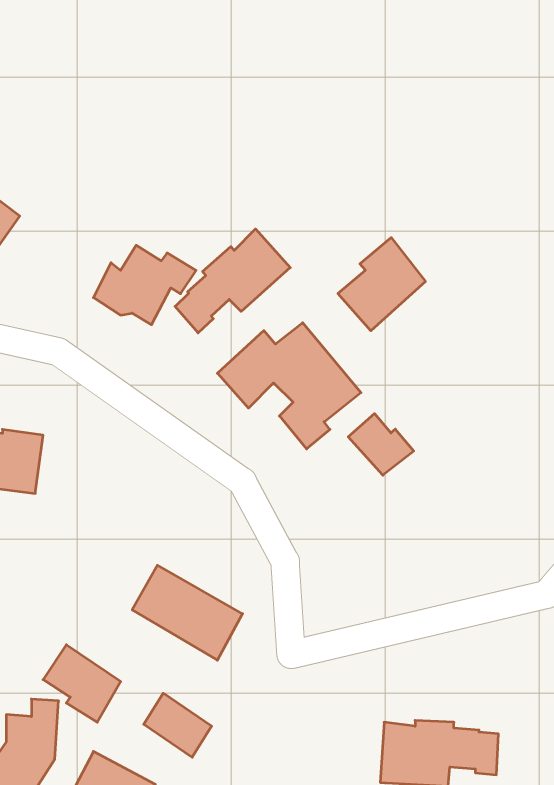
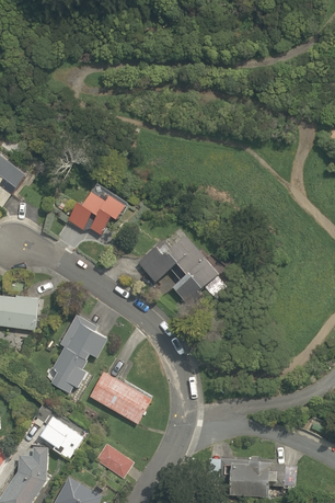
building: [175,229,290,333] -> none
building: [338,238,425,331] -> none
building: [348,414,414,475] -> none
building: none -> [50,313,107,393]

